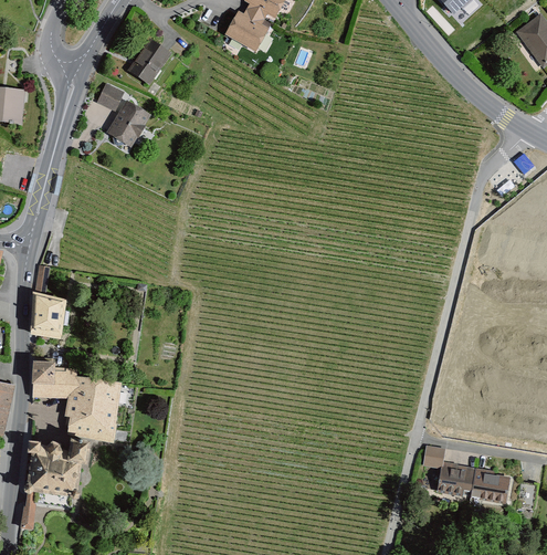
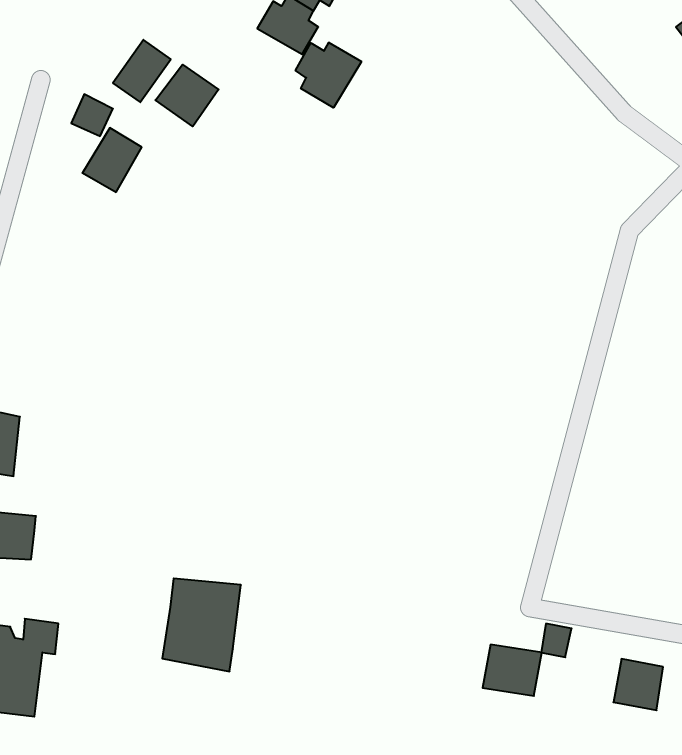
building: none -> [296,42,361,108]
building: none -> [155,65,219,126]
building: [65,379,119,443] -> [162,578,241,671]
building: [436,462,477,498] -> [483,645,542,696]

